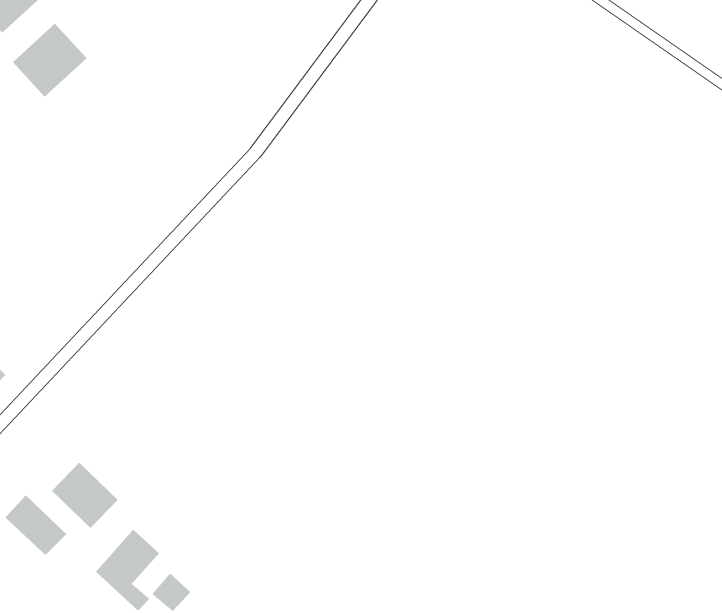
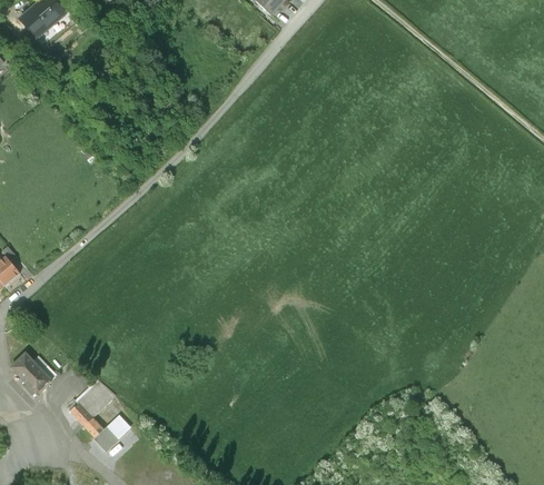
building: [12,23,87,98] -> none
building: [51,462,119,529] -> none

